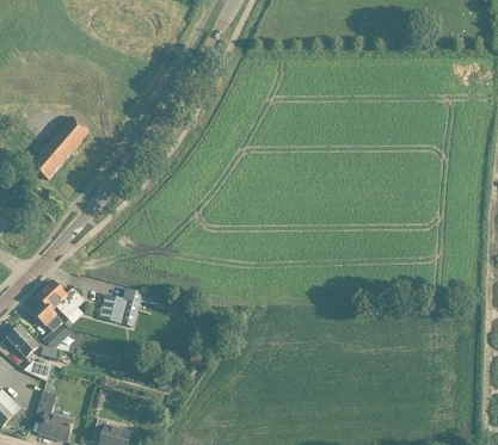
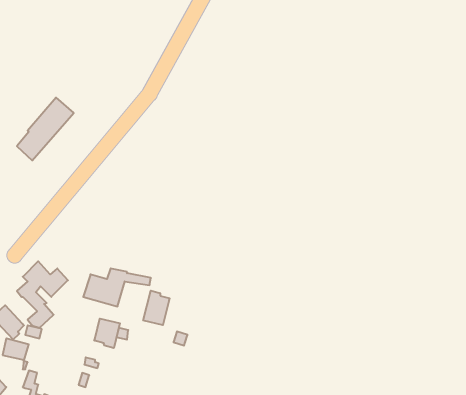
building: none -> [143,291,170,325]
building: none -> [94,319,120,348]

